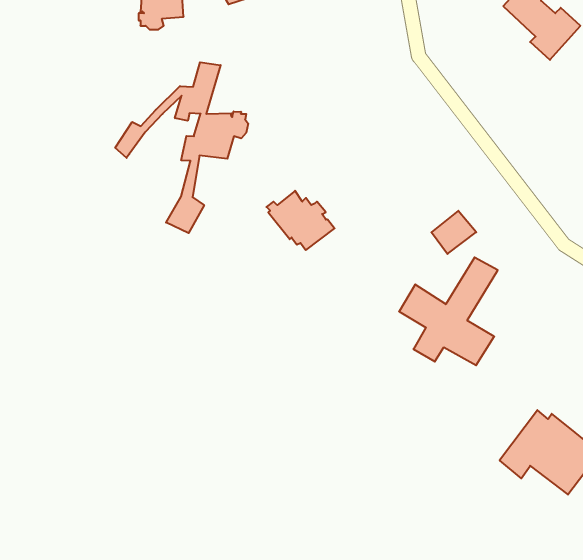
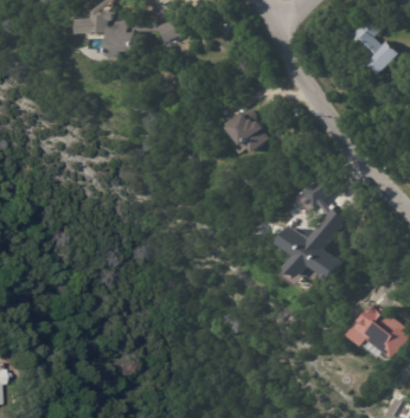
building: [115,62,248,233] -> none
building: [266,191,335,250] -> [220,112,265,152]

